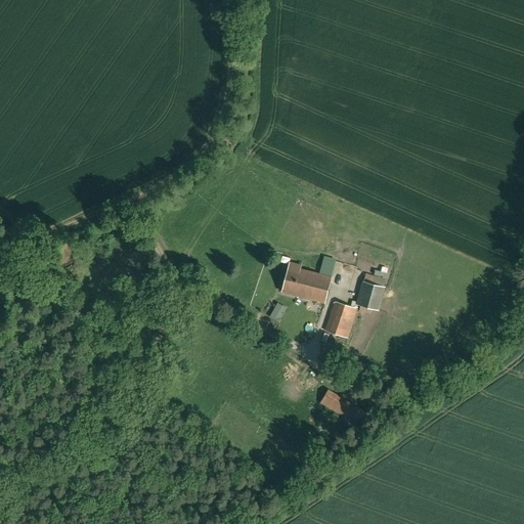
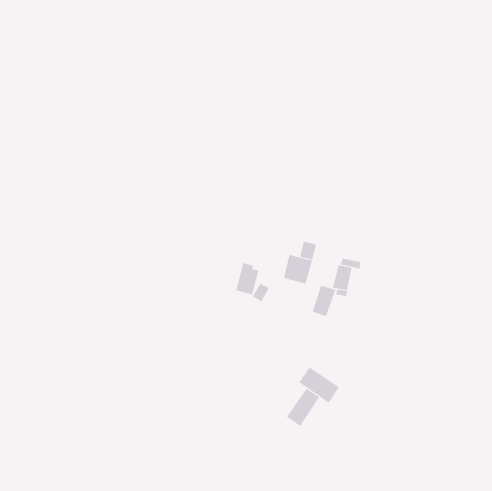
building: [282,261,307,296] -> [236,263,259,295]
building: none -> [286,388,320,427]

